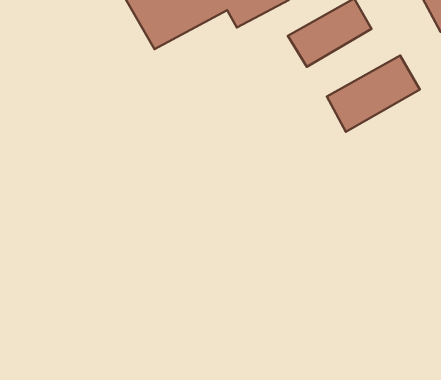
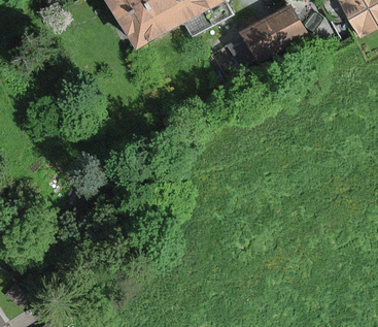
building: [327,56,420,132] -> none

